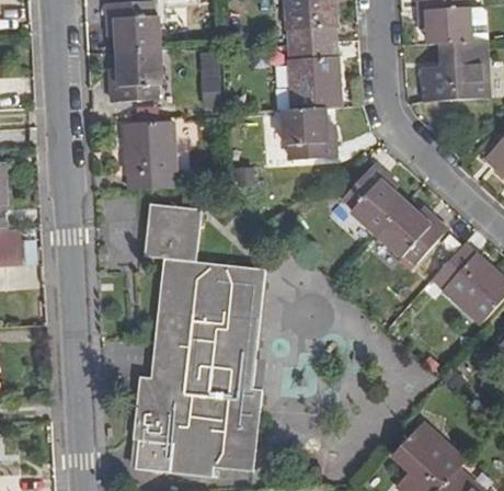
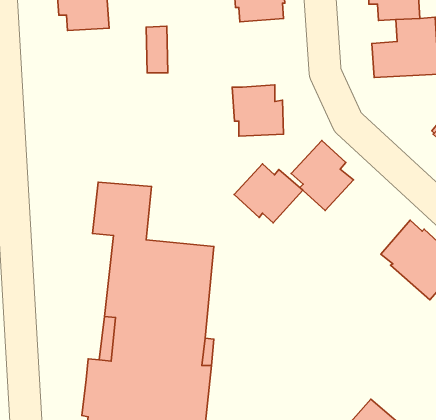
building: [289,42,341,111] -> none
building: [111,52,160,104] -> none
building: [124,123,174,192] -> none
building: [376,204,445,263] -> [234,164,303,223]

